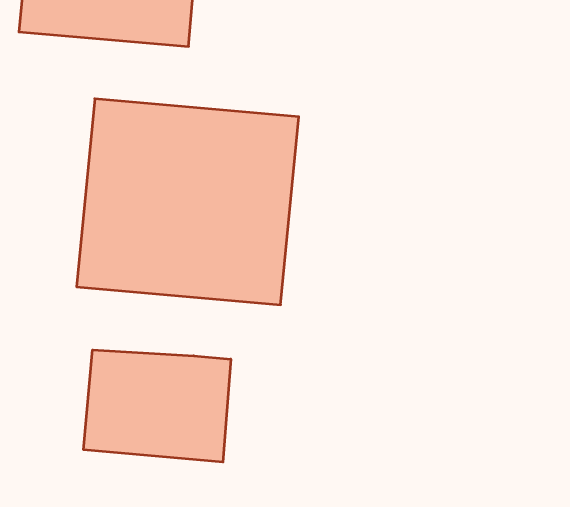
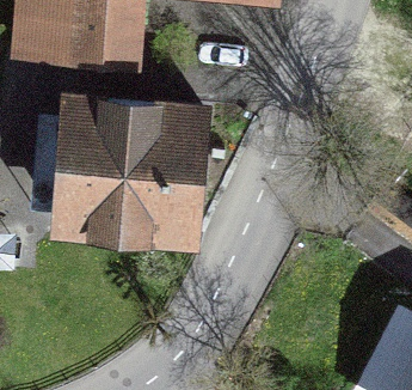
building: [84,350,231,462] -> none

